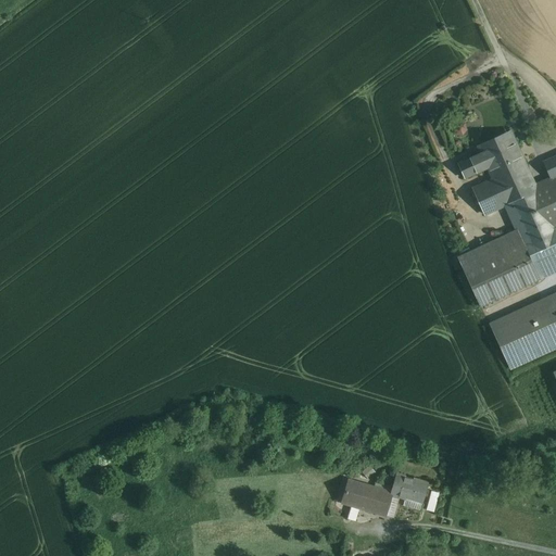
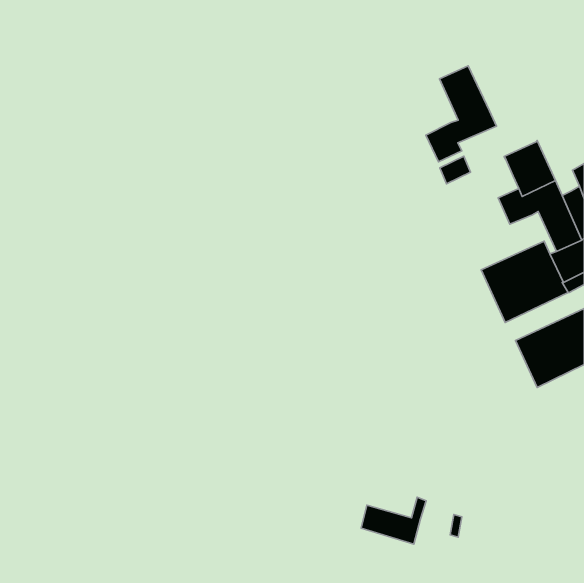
building: none -> [426,66,496,162]
building: [458,152,488,178] -> [440,156,471,184]
building: [400,476,430,501] -> none

